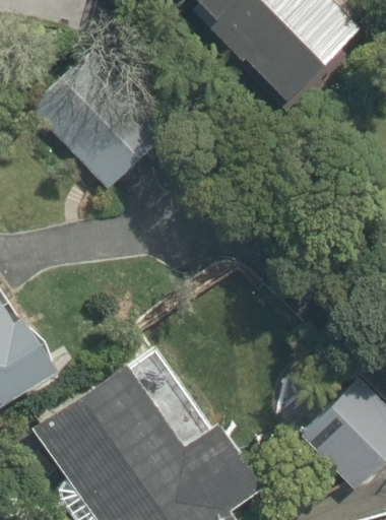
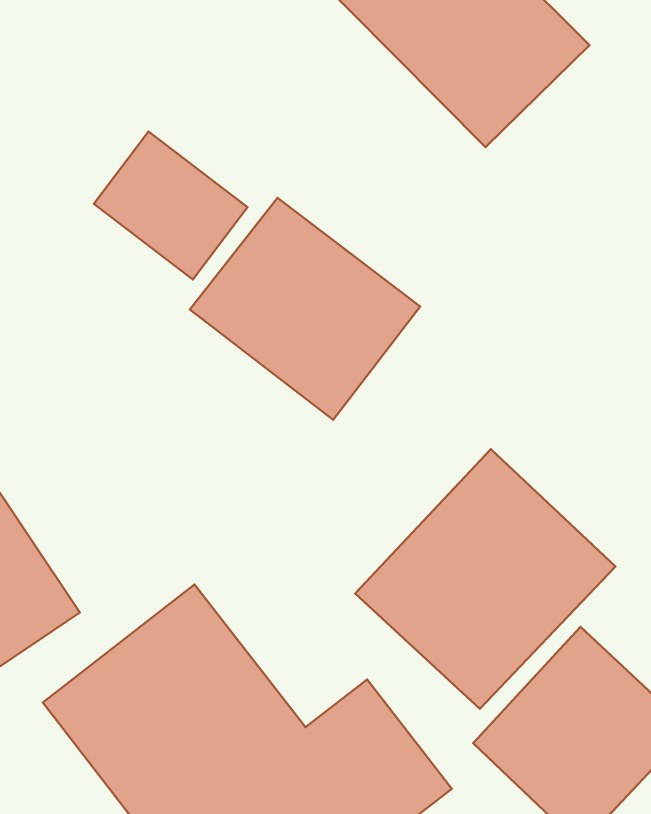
building: none -> [190,198,420,420]
building: none -> [355,449,615,709]

